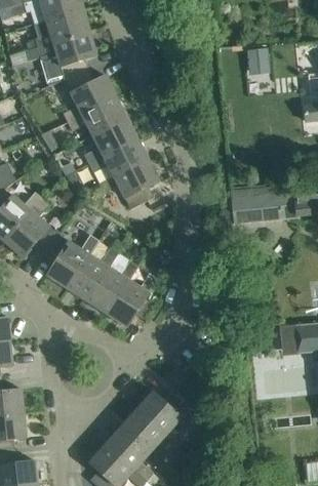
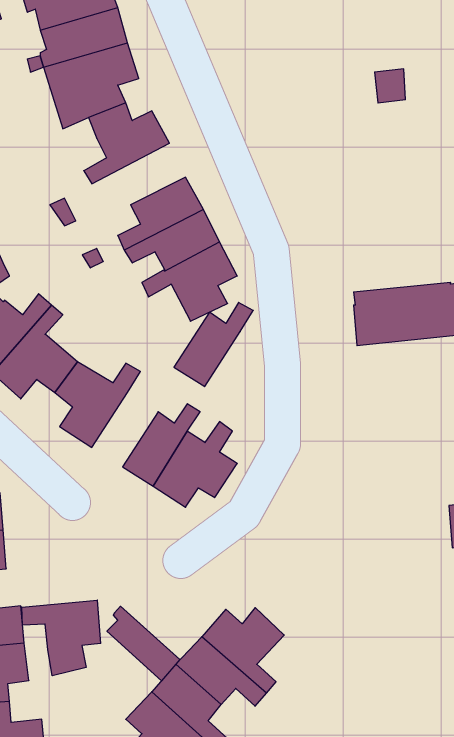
building: [67,95,126,134] -> none
building: [67,247,117,300] -> [174,302,253,387]
building: none -> [22,600,101,676]
building: none -> [107,606,180,681]

